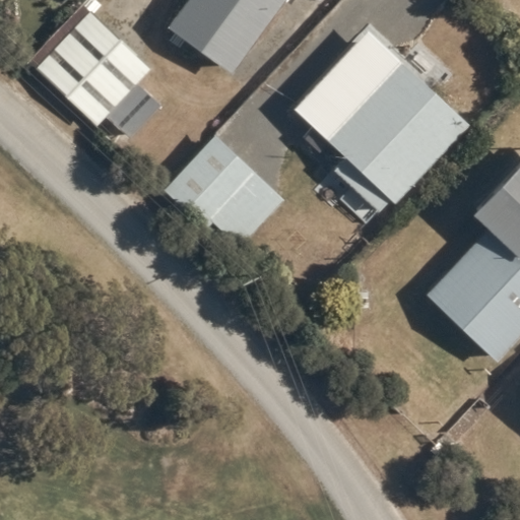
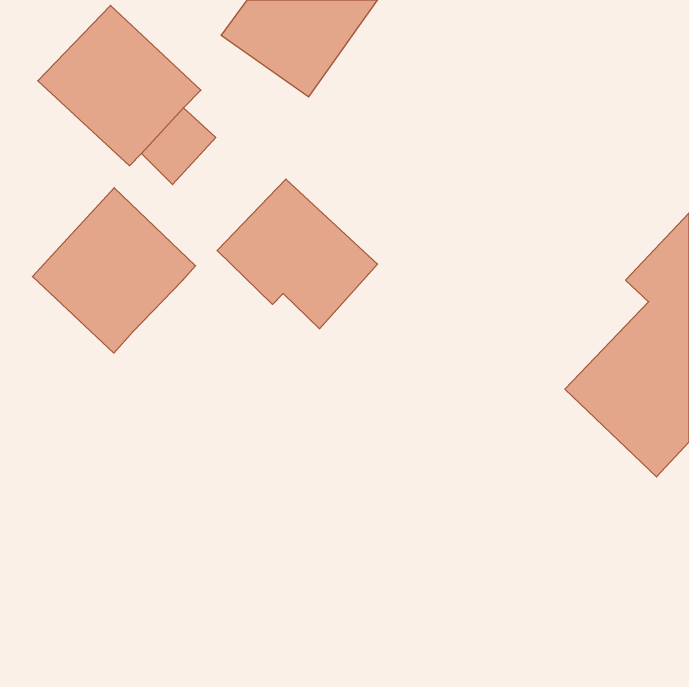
building: [292,28,469,210] -> none
building: none -> [32,188,196,353]

